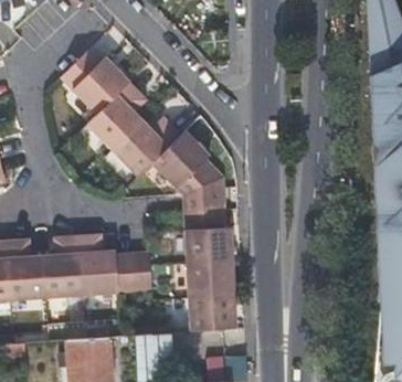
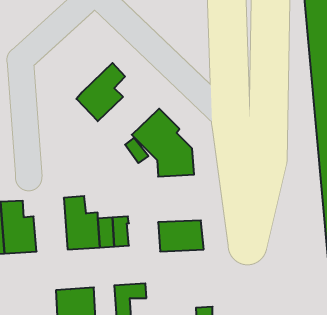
building: [64,49,134,115] -> none
building: [117,116,184,174] -> none
building: [183,209,234,263] -> none
building: [44,235,83,296] -> none
building: [188,294,241,330] -> none

